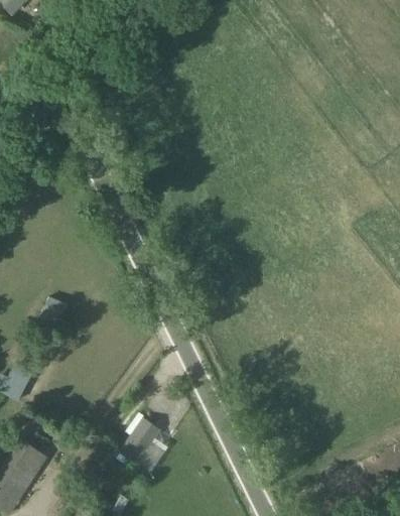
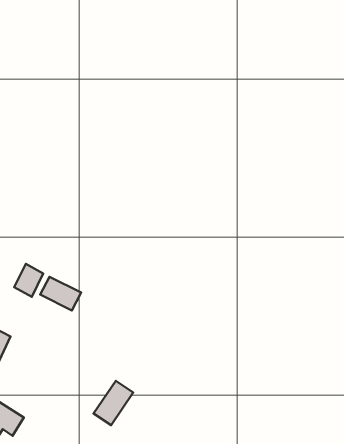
building: none -> [40,277,81,310]

